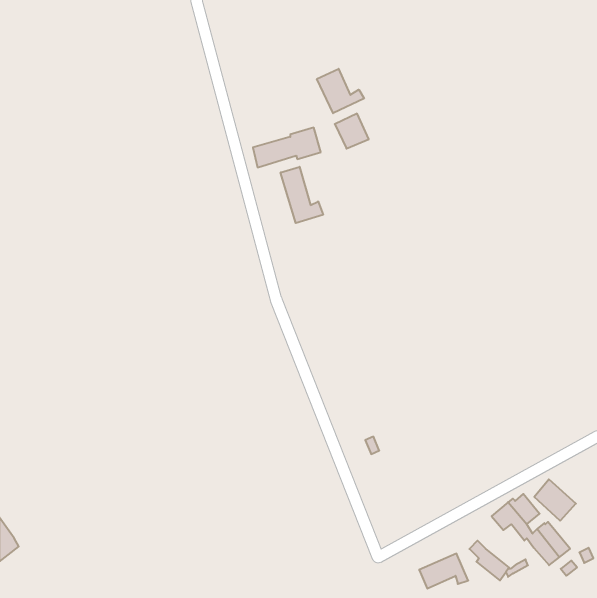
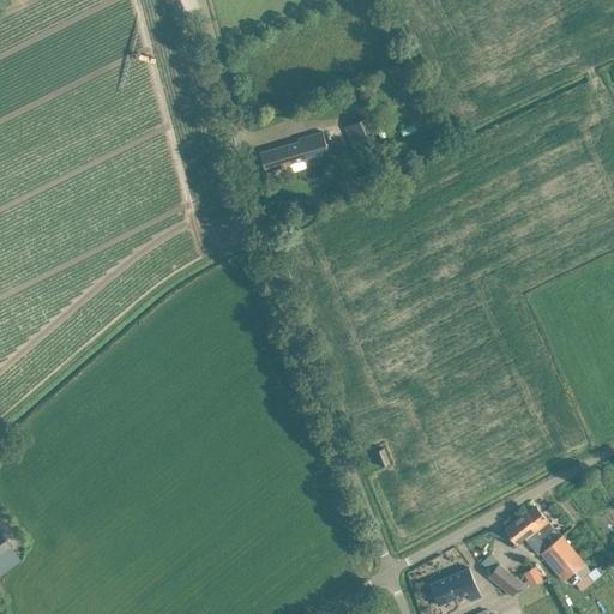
building: [317,69,364,113] -> none
building: [281,167,323,223] -> none
building: [534,479,576,521] -> none

